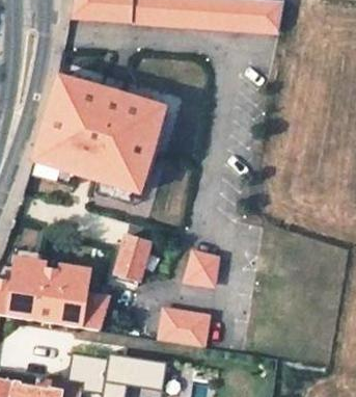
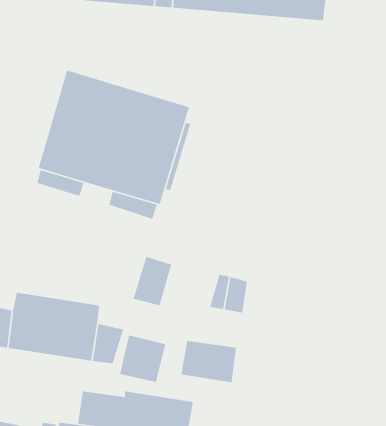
building: none -> [119,334,166,383]

